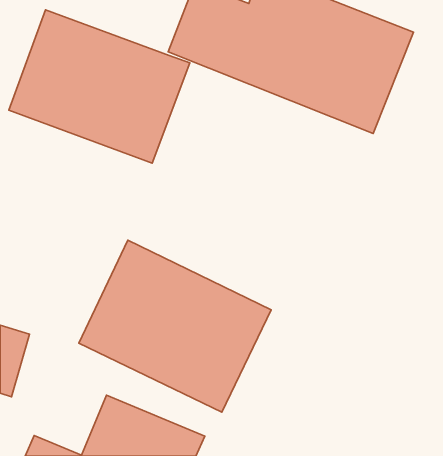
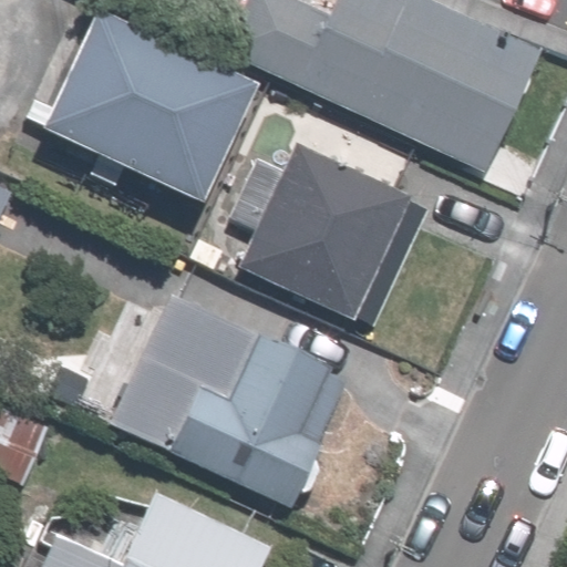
building: none -> [215,148,429,328]

